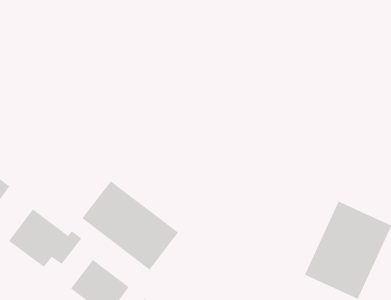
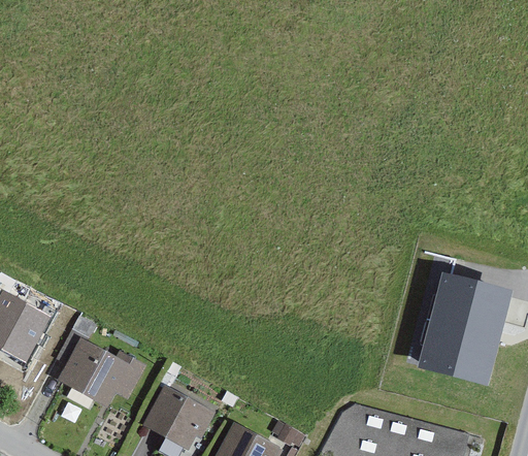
building: [82,180,179,270] -> none

